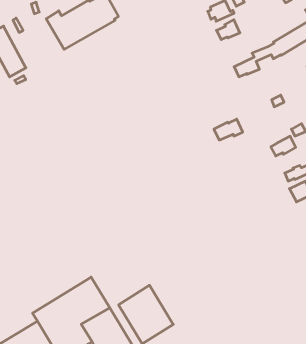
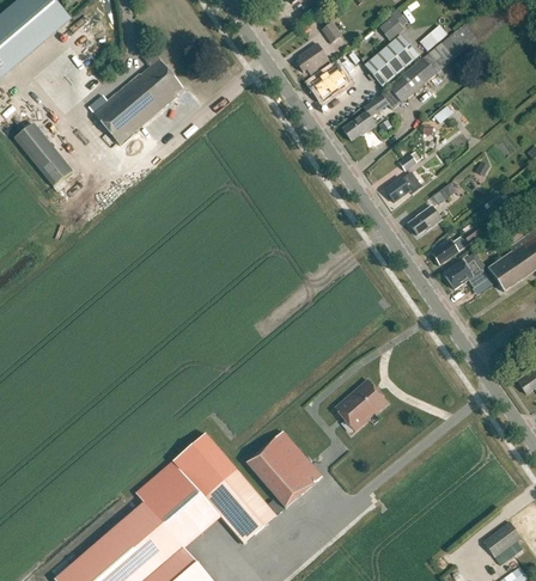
building: none -> [364,35,419,86]
building: [214,119,243,140] -> [384,171,422,202]
building: none -> [335,379,388,428]

